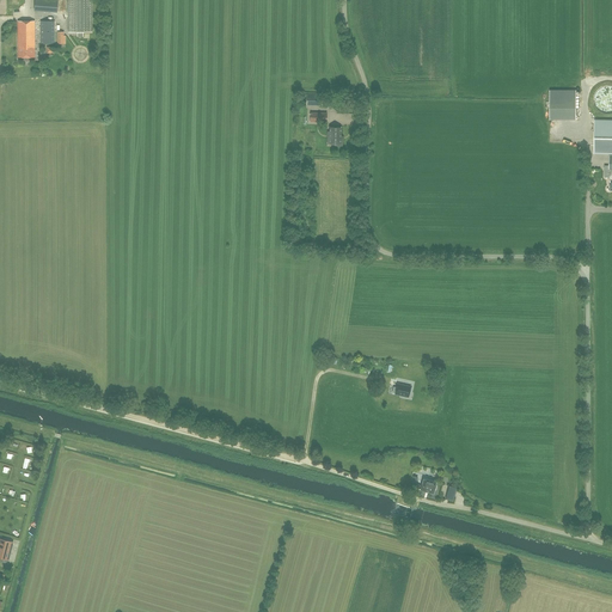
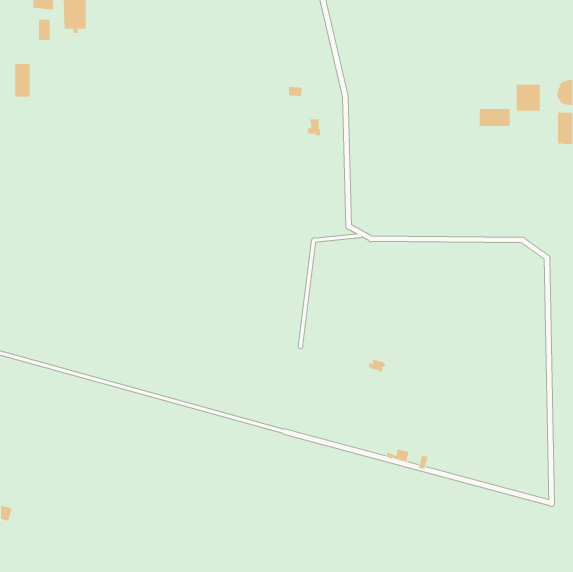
building: [18,20,35,56] -> [15,63,30,97]
building: none -> [479,108,510,127]

